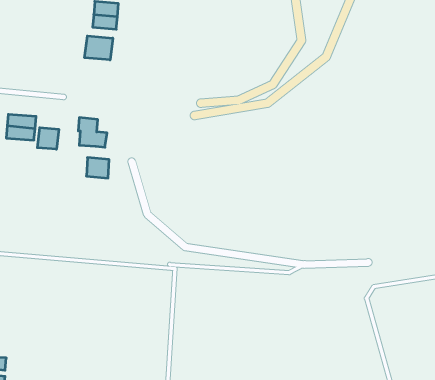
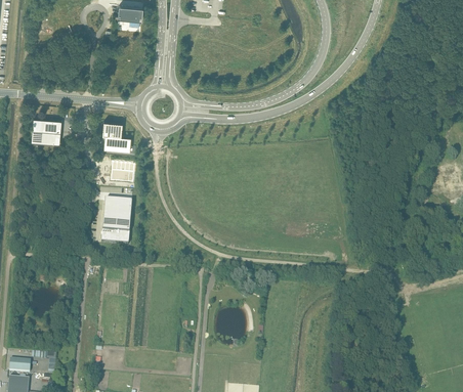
building: [85,36,113,60] -> none
building: [37,128,59,149] -> none
building: none -> [100,198,131,243]

